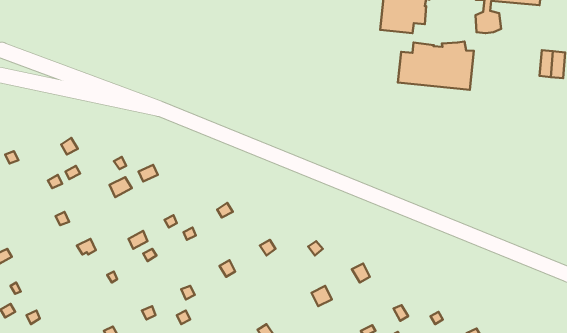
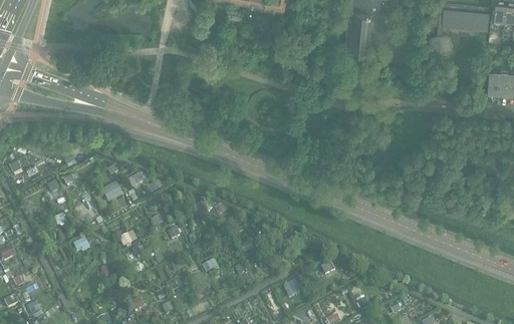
building: [398,42,474,90] -> none

